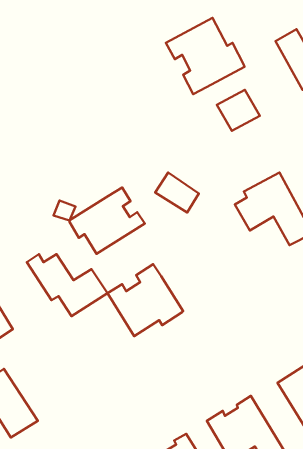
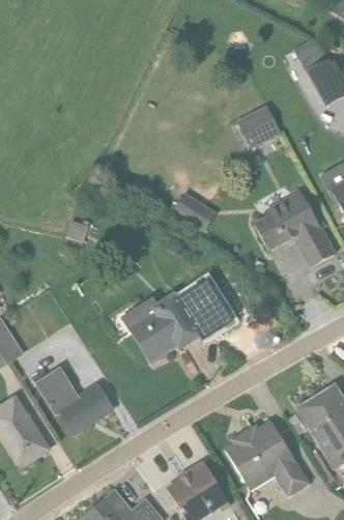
building: [166,18,244,94] -> none
building: [69,188,145,254] -> none
building: [27,254,107,316] -> [29,366,113,430]
building: none -> [177,279,233,339]

